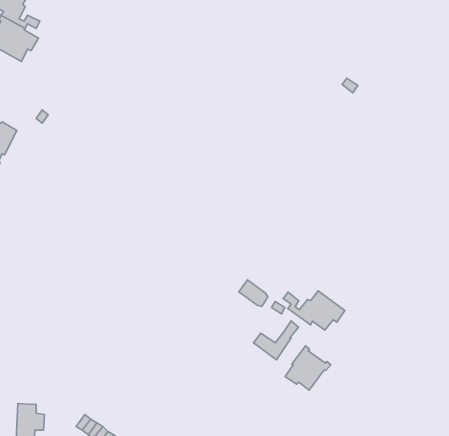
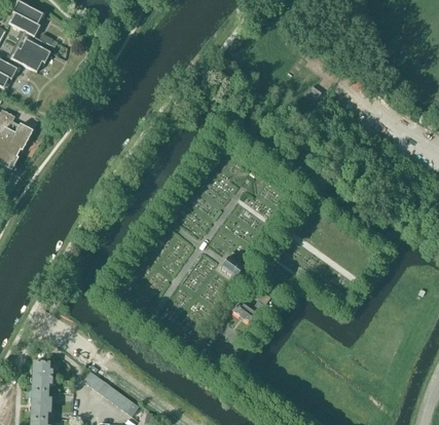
building: [283,291,345,330] -> none
building: [285,346,331,390] -> none

